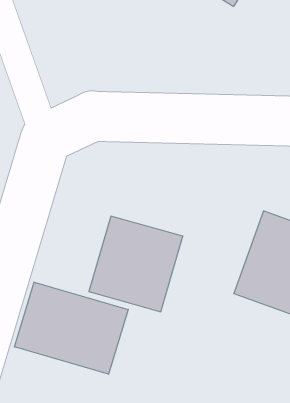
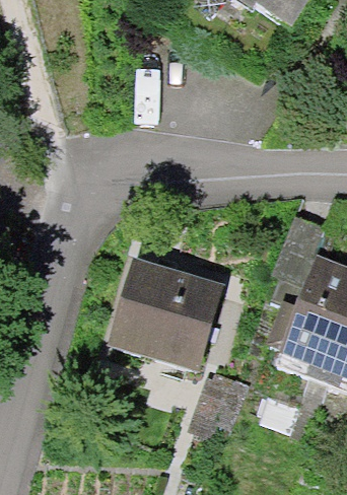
building: [14,282,128,374] -> none

